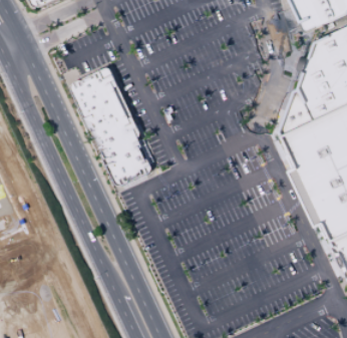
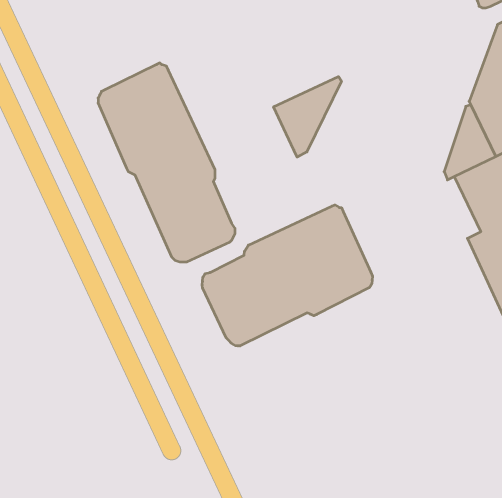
building: none -> [274,77,341,157]
building: none -> [202,205,372,346]

